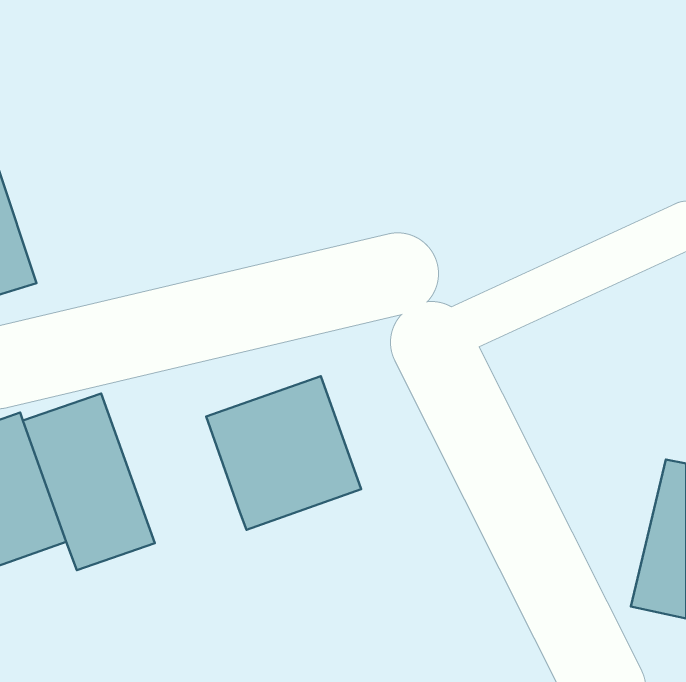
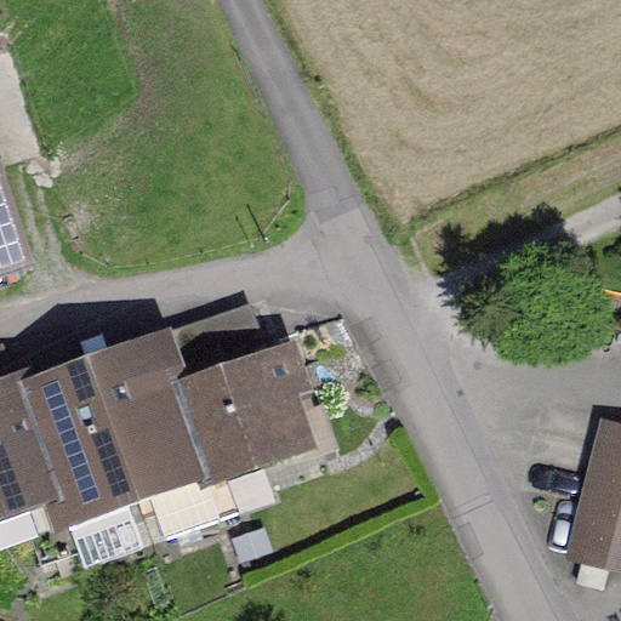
building: none -> [91,332,216,495]

